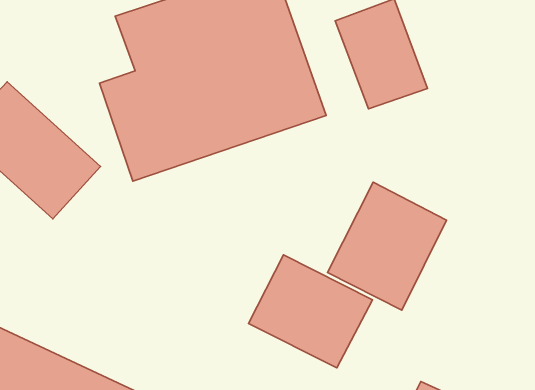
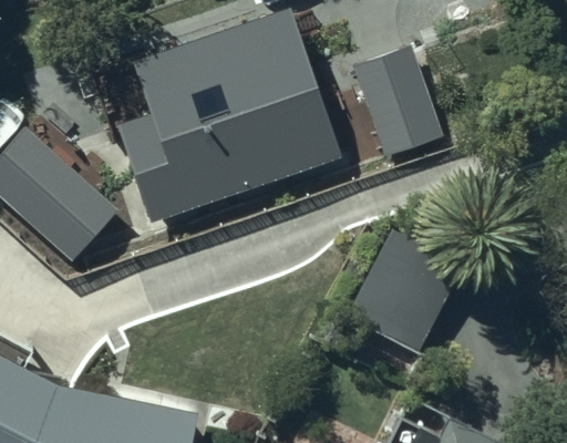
building: [249,255,372,368] -> none

